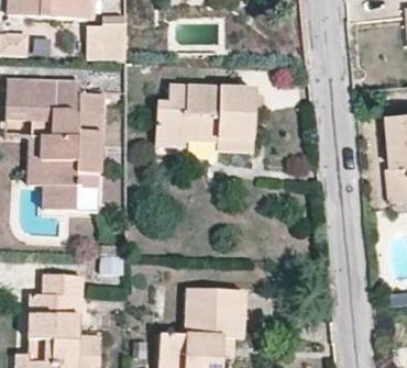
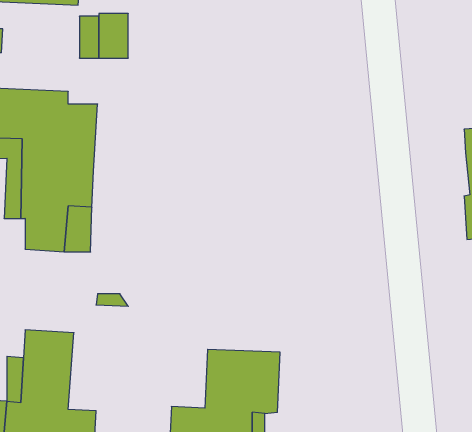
building: [155,87,256,149] -> none

